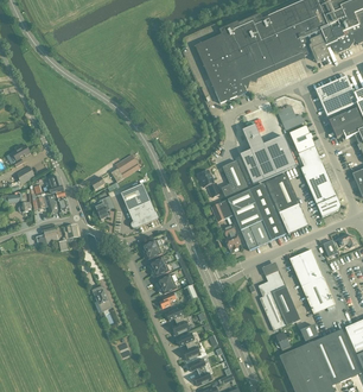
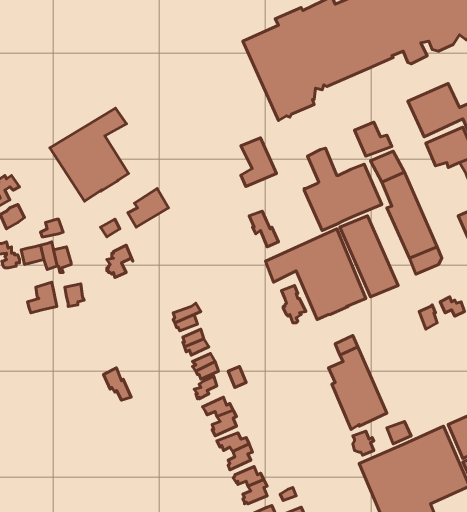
building: none -> [50,108,129,201]
building: [222,159,248,195] -> [241,138,277,186]
building: [120,182,158,226] -> none
building: [289,247,335,312] -> none

